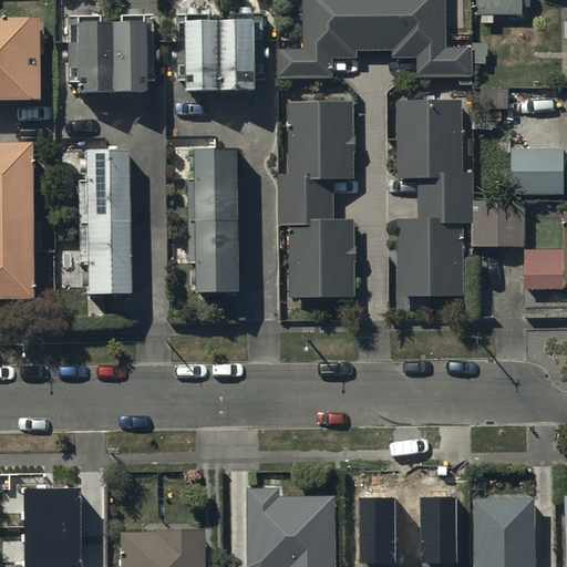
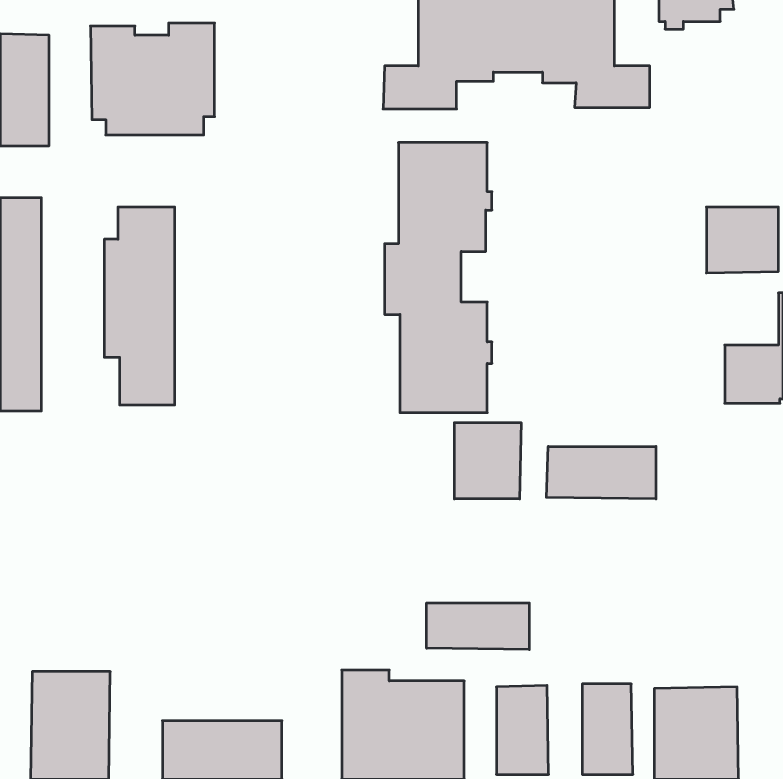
building: [178,27,268,96] -> none
building: [396,102,522,299] -> none
building: [189,147,237,287] -> none
building: none -> [454,423,521,499]
building: none -> [546,446,656,499]
building: none -> [427,603,529,650]

